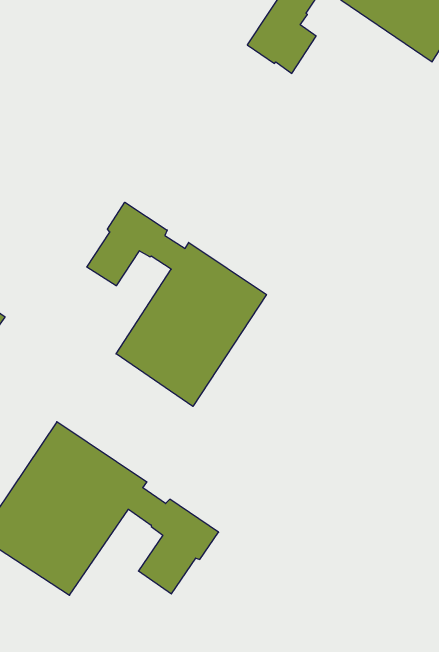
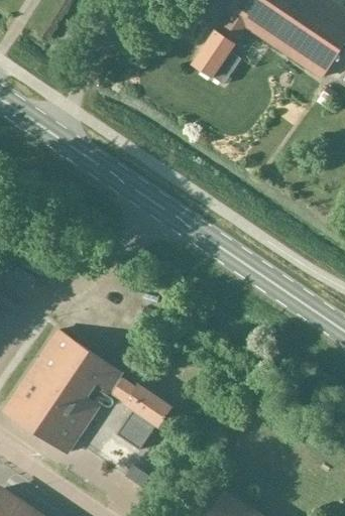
building: [87,202,266,406] -> none

